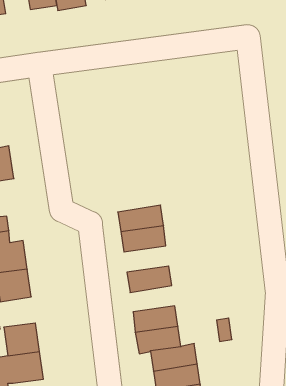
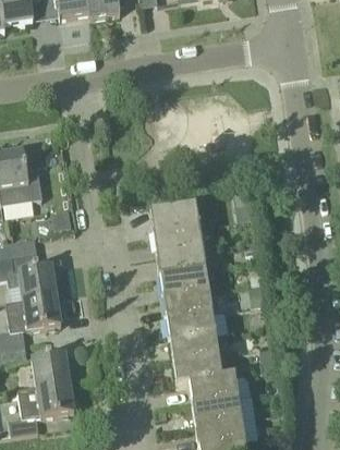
building: none -> [150,204,199,233]
building: none -> [160,269,208,297]
building: none -> [167,312,215,340]

